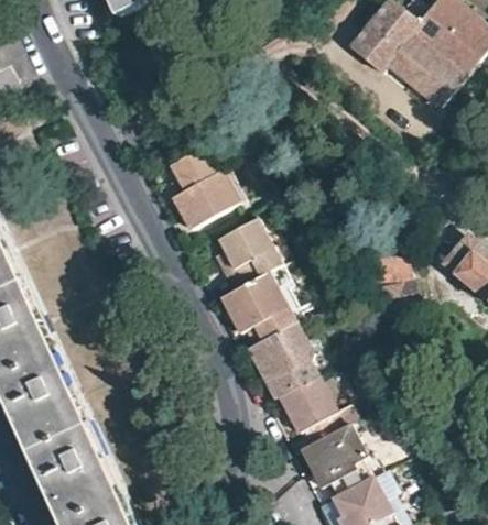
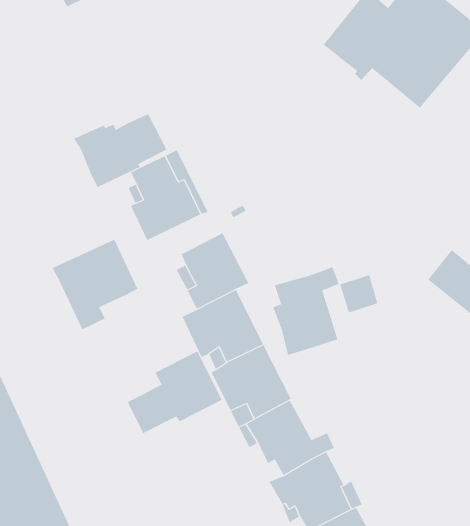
building: none -> [73,114,167,188]
building: none -> [52,239,138,330]
building: none -> [272,266,340,356]
building: none -> [127,350,223,434]

